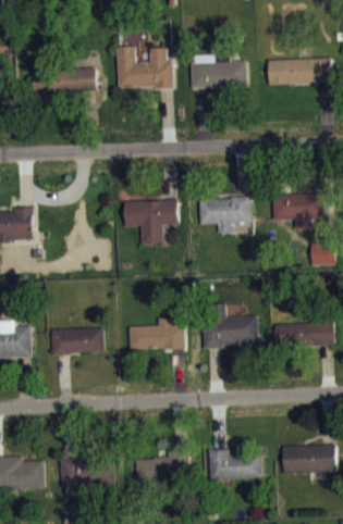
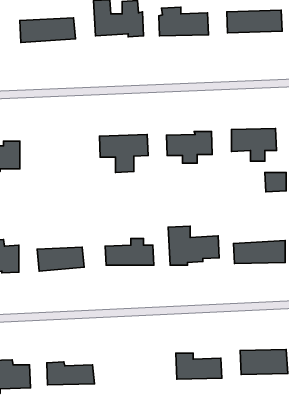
building: [136,450,189,483] -> none

